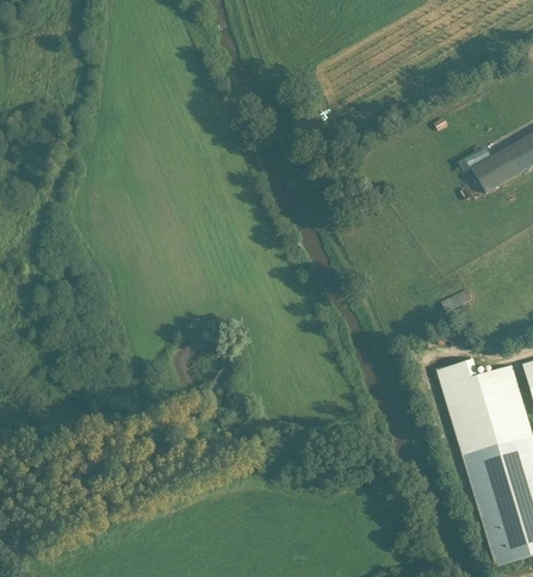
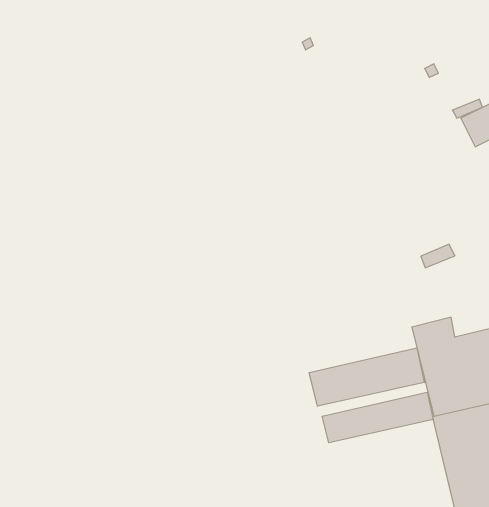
building: none -> [309,348,424,406]
building: none -> [322,392,433,443]

